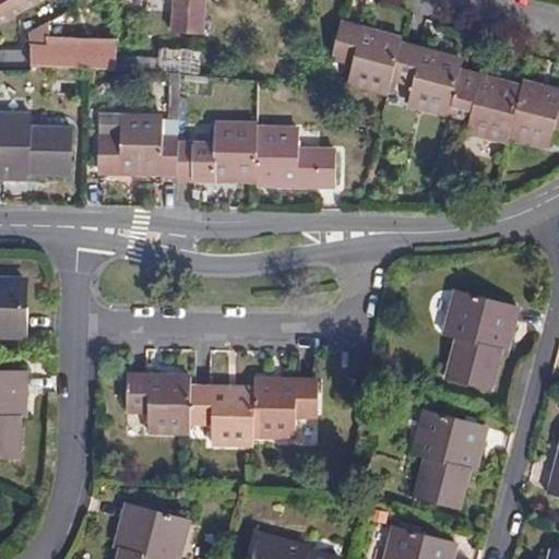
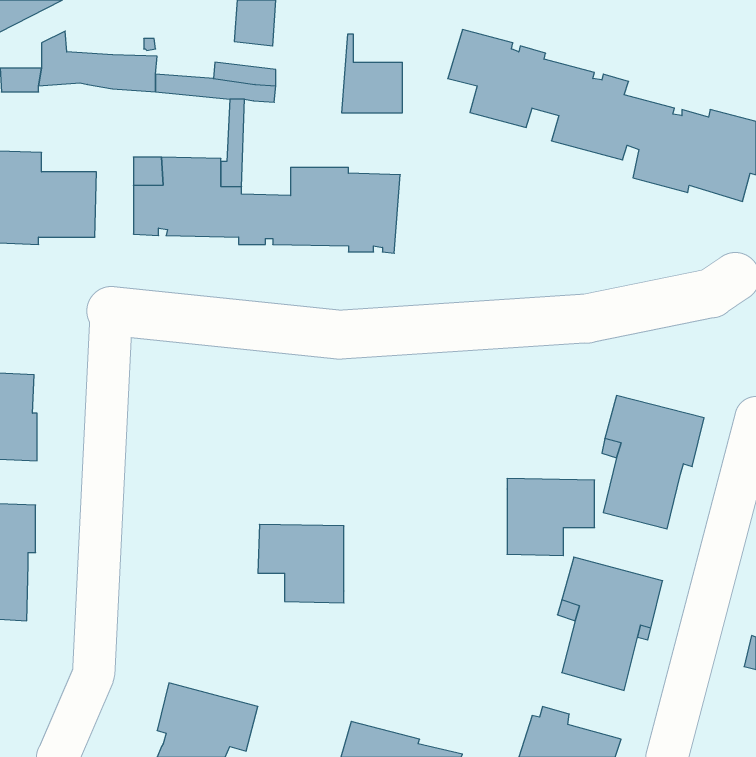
building: [290,129,335,187] -> [342,34,402,113]
building: [126,374,191,432] -> none
building: [253,380,318,437] -> [507,479,595,556]

